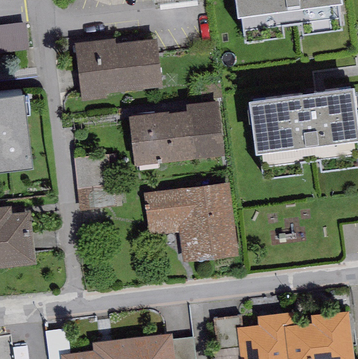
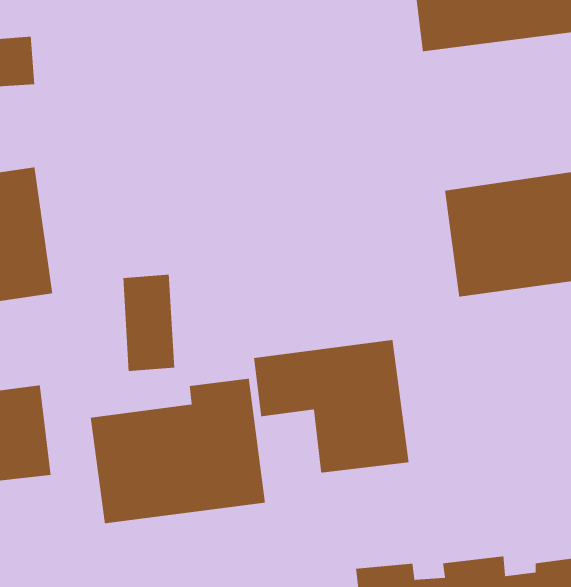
building: [76,46,156,94] -> none
building: [130,108,219,163] -> none
building: none -> [90,378,266,524]

